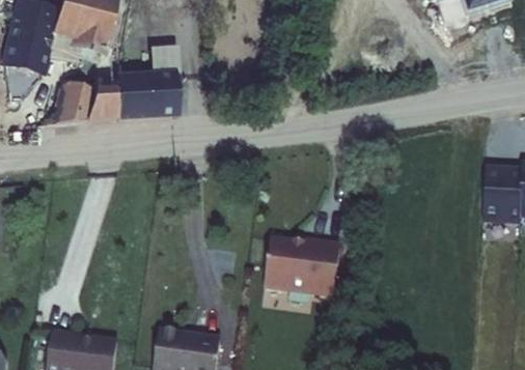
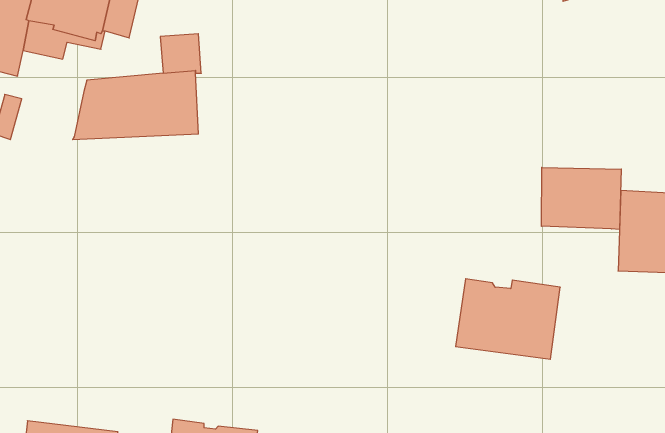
building: [55,81,93,123] -> none
building: none -> [541,167,621,229]
building: [261,235,338,294] -> [456,279,560,359]

